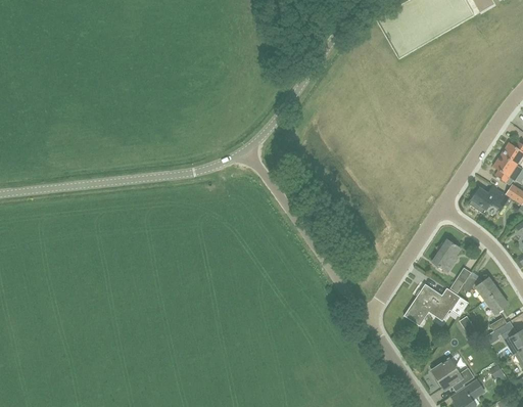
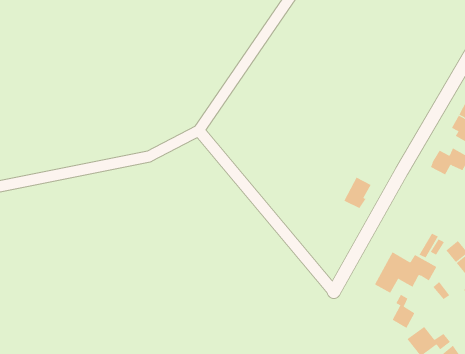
building: [432,238,461,270] -> [344,177,372,209]
building: none -> [392,294,415,329]

